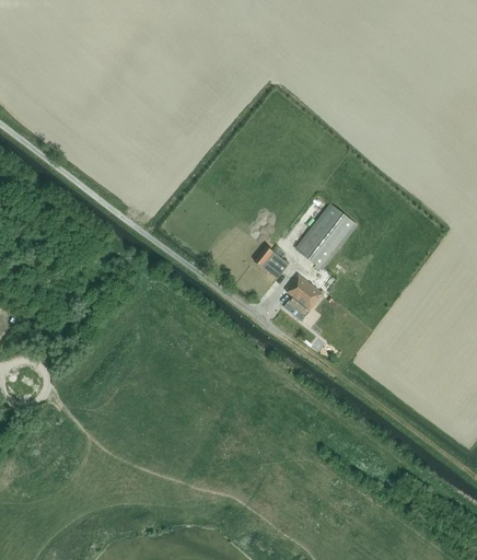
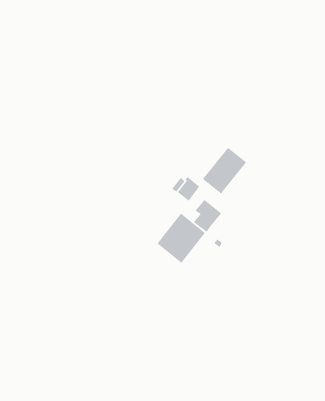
building: none -> [156,213,206,264]

